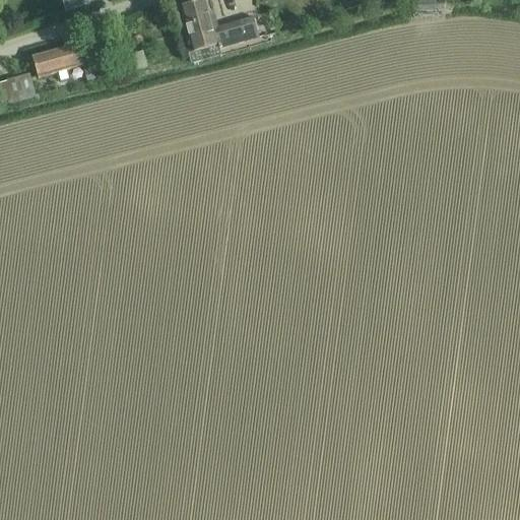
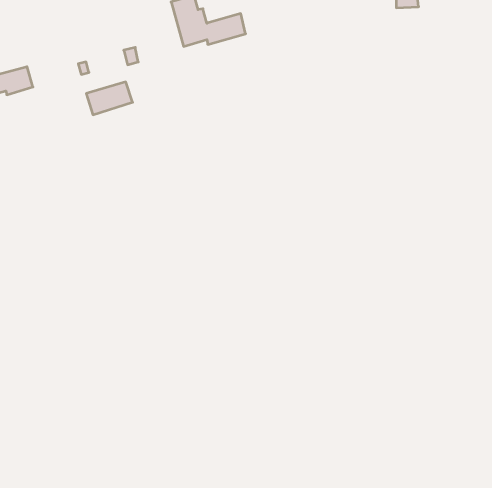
building: [35,42,83,76] -> [86,82,133,115]

